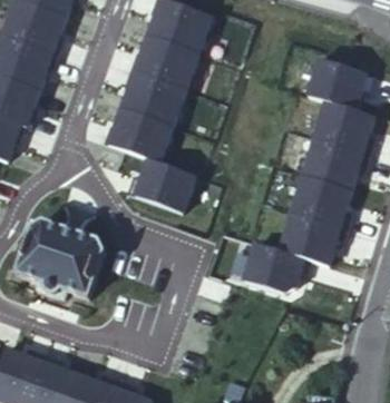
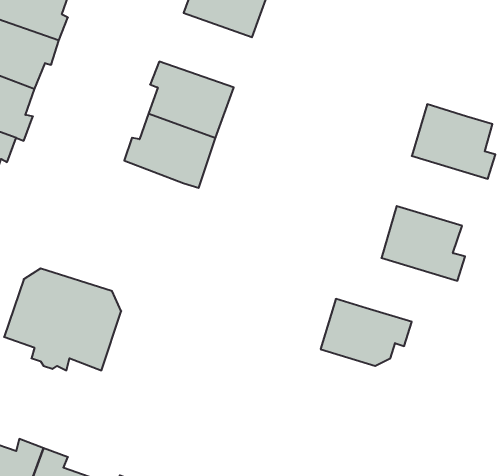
building: [130,35,198,89] -> none
building: [309,59,376,110] -> none
building: [304,139,371,190] -> none
building: [127,159,195,212] -> none
building: [282,214,349,266] -> none

